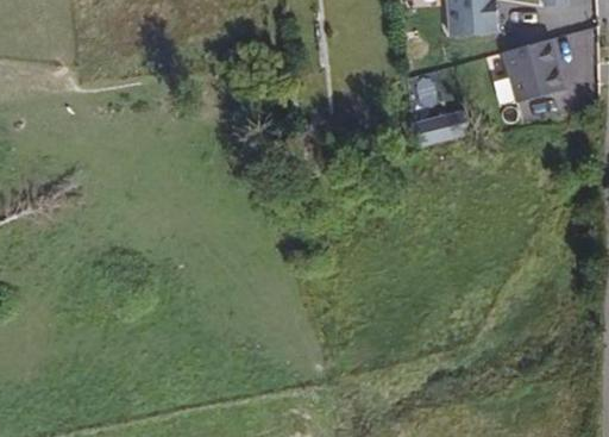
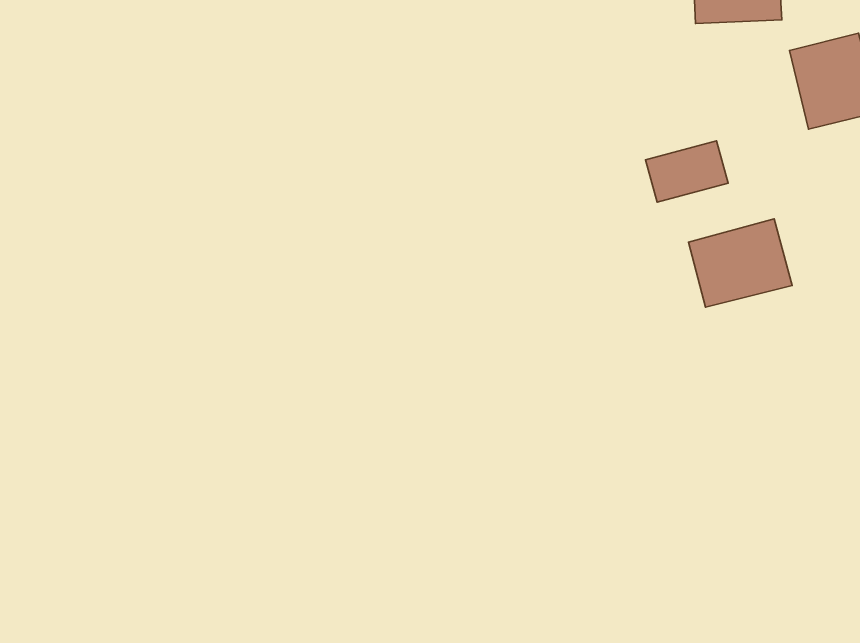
building: none -> [688,219,792,307]

